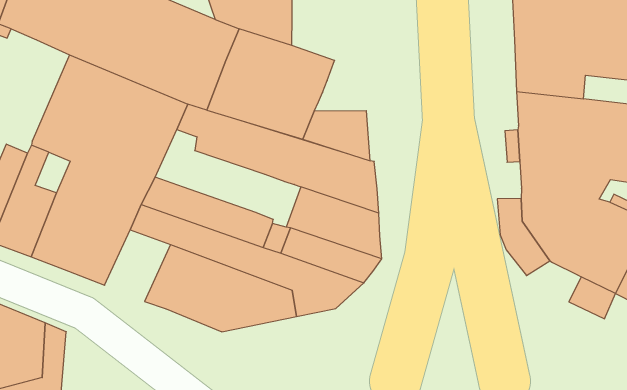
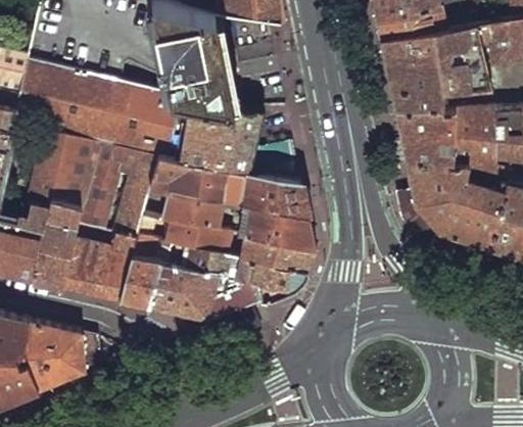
building: none -> [33,129,69,202]
building: none -> [167,191,224,229]
building: none -> [121,255,163,305]

